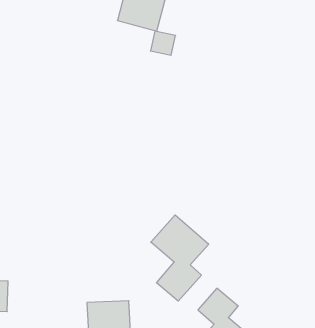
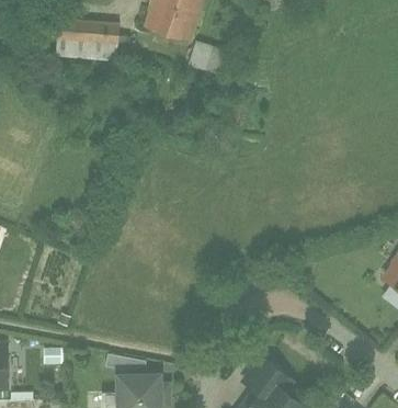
building: none -> [53,14,122,41]
building: [151,215,209,301] -> none

